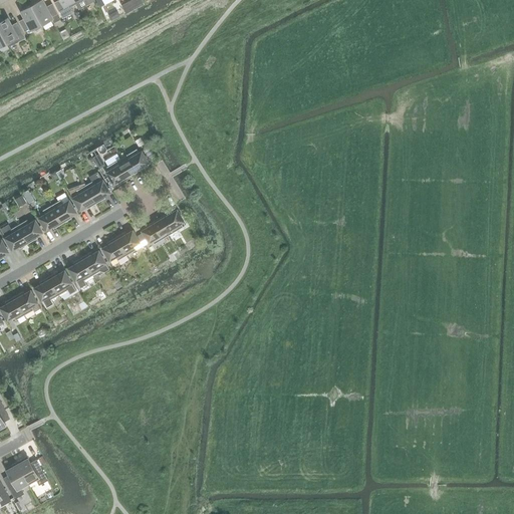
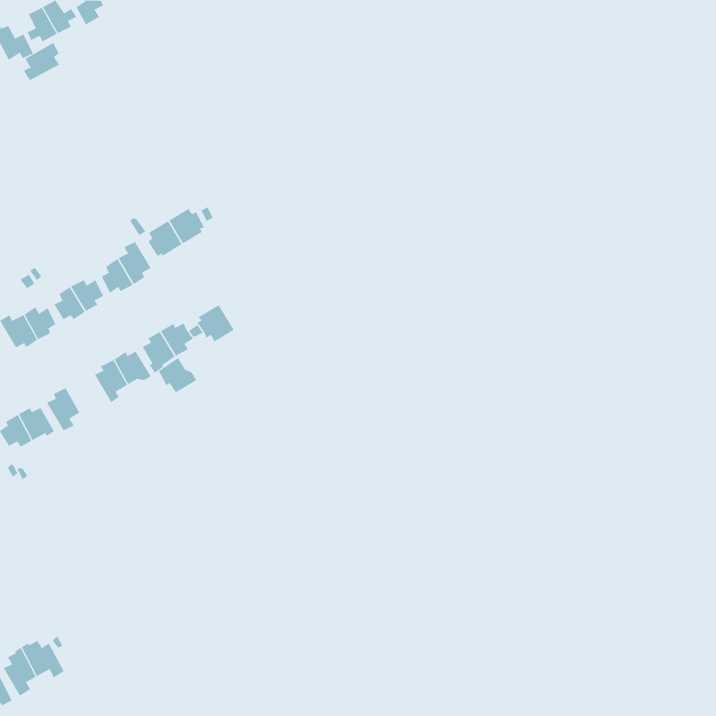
building: none -> [23,42,60,82]
building: [157,210,183,237] -> none
building: none -> [158,357,197,393]
building: [47,272,74,296] -> none

